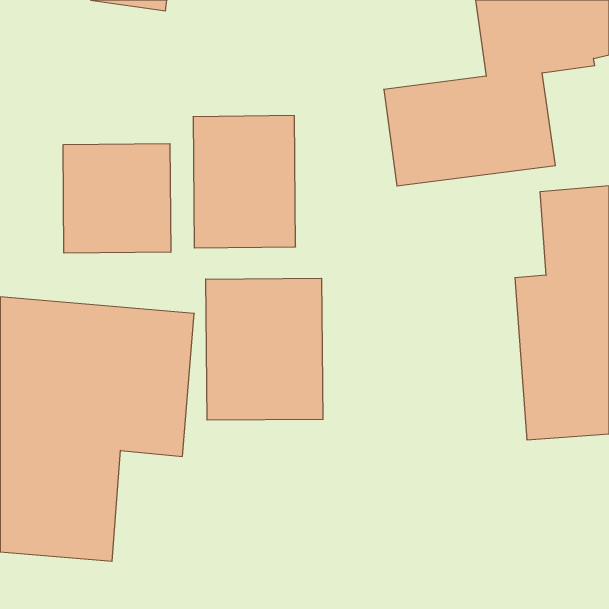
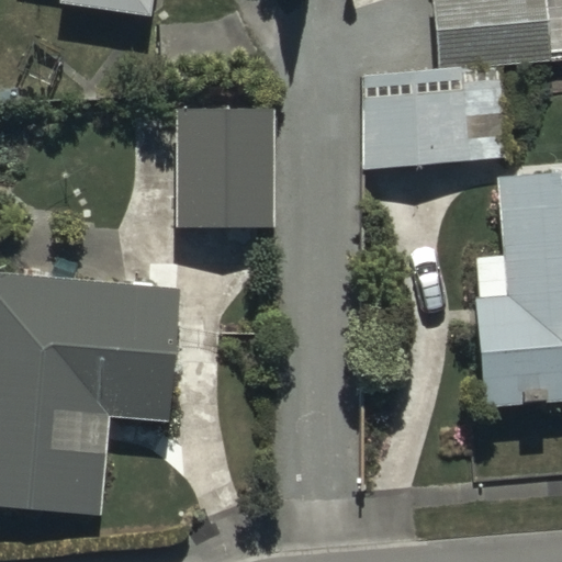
building: [63,144,171,253] -> none
building: [206,278,323,420] -> none

